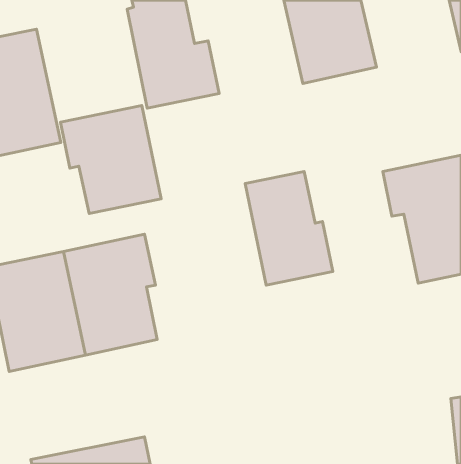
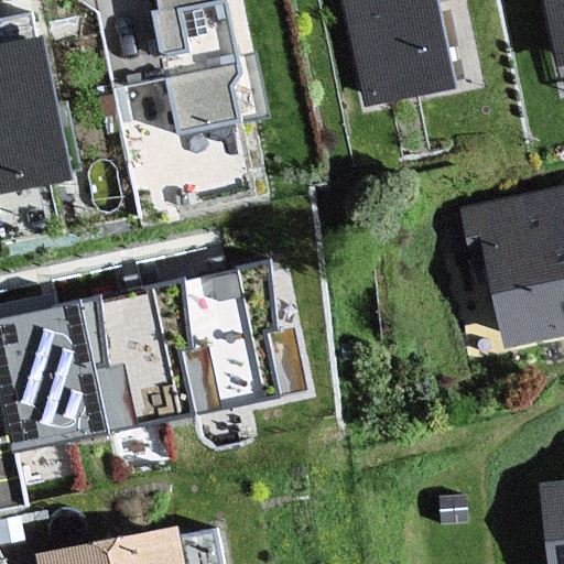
building: [60,106,161,214] -> none
building: [245,171,333,285] -> none
building: none -> [175,264,276,412]

